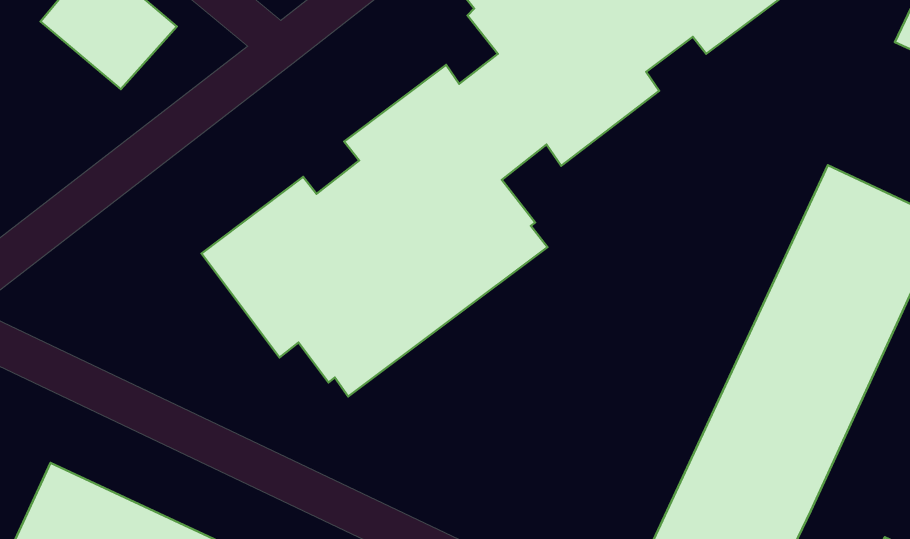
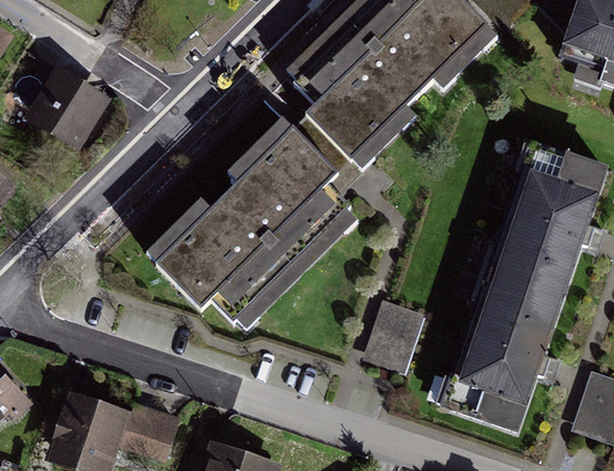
building: none -> [365,300,422,369]

